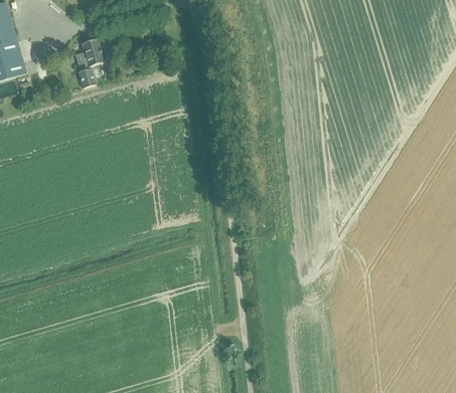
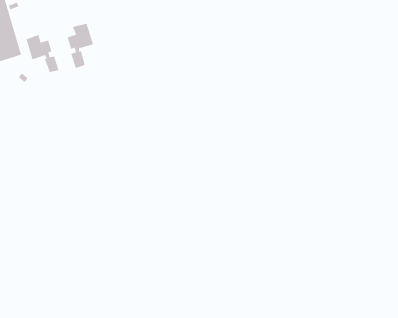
building: none -> [26,34,59,73]

